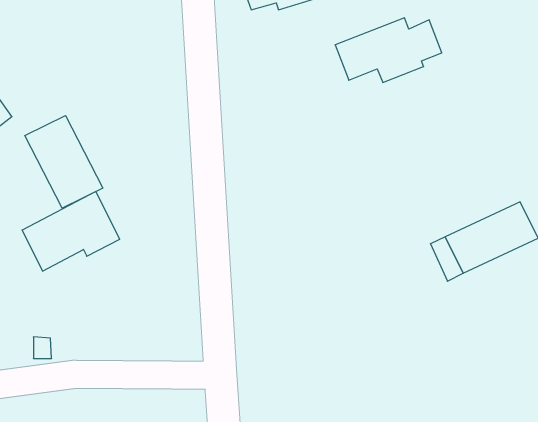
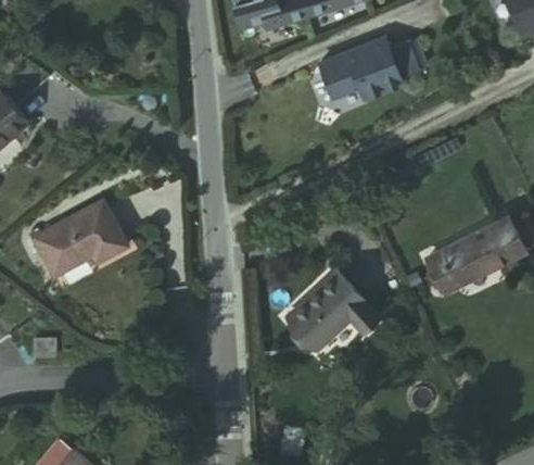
building: [25,116,103,208] -> none
building: none -> [290,275,382,355]

